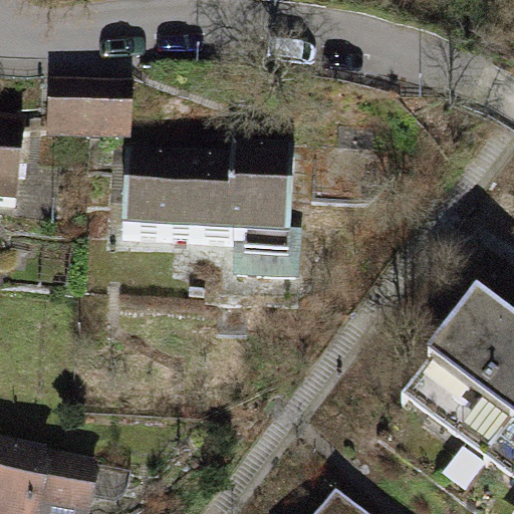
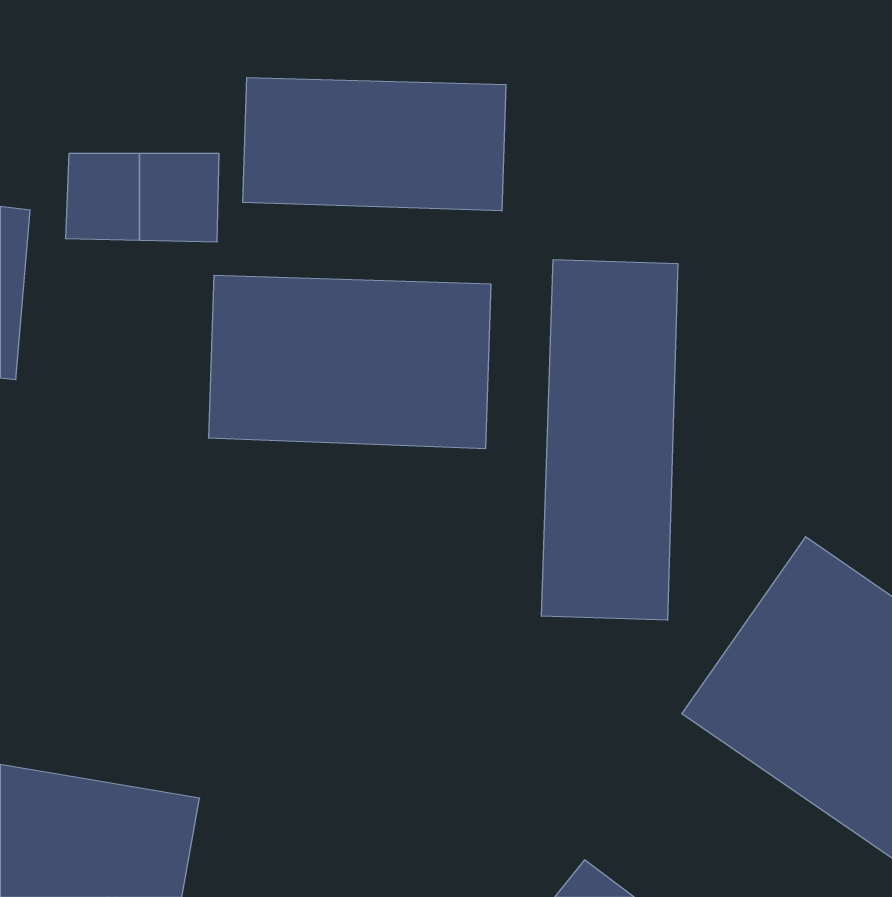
building: none -> [243,78,506,211]
building: none -> [541,260,678,620]

